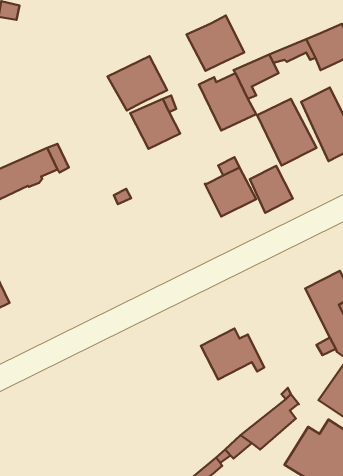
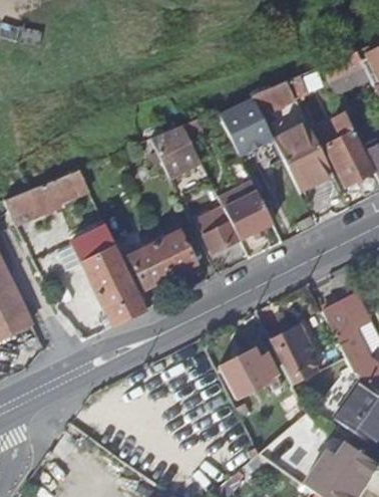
building: [186,15,244,71] -> none
building: [108,56,167,110] -> none
building: [250,166,293,213] -> [197,208,239,254]
building: none -> [71,226,146,326]
building: none -> [127,230,196,290]
building: none -> [269,325,318,386]

